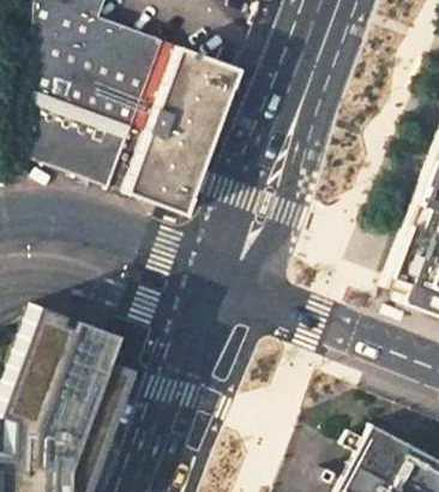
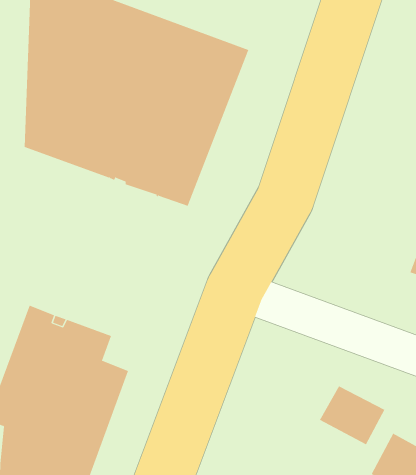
building: none -> [319,386,385,445]

